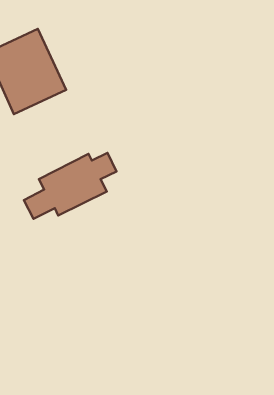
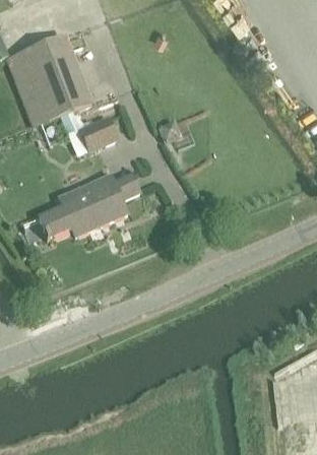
building: none -> [79,119,117,152]

